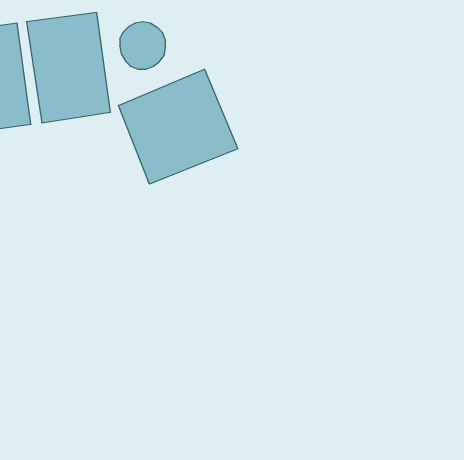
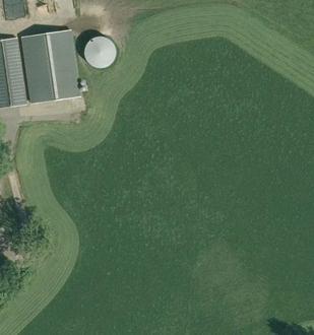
building: [118,69,238,184] -> none

